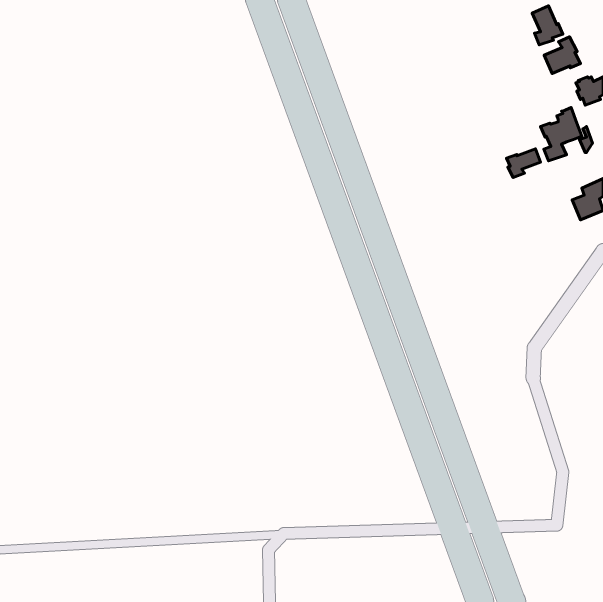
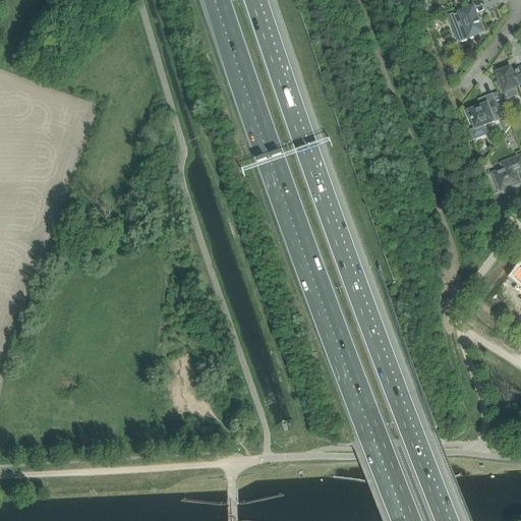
building: [544,37,581,74] -> none
building: [506,149,540,178] -> none

